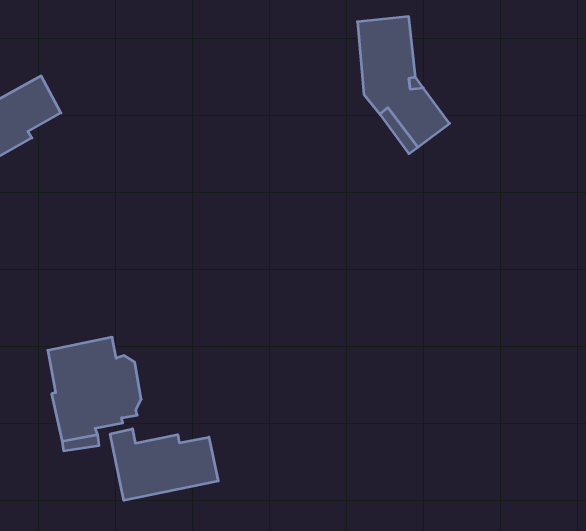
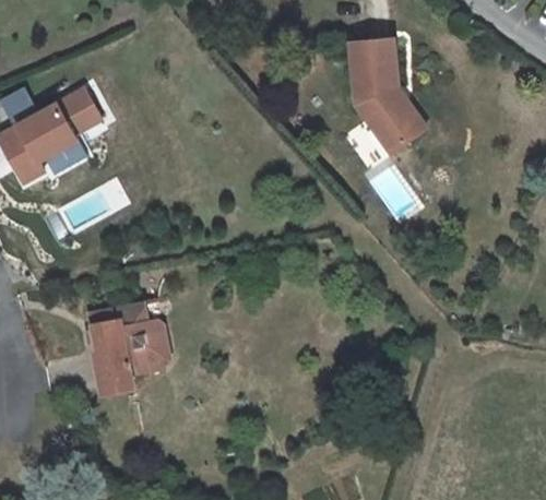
building: [110,429,218,500] -> none

